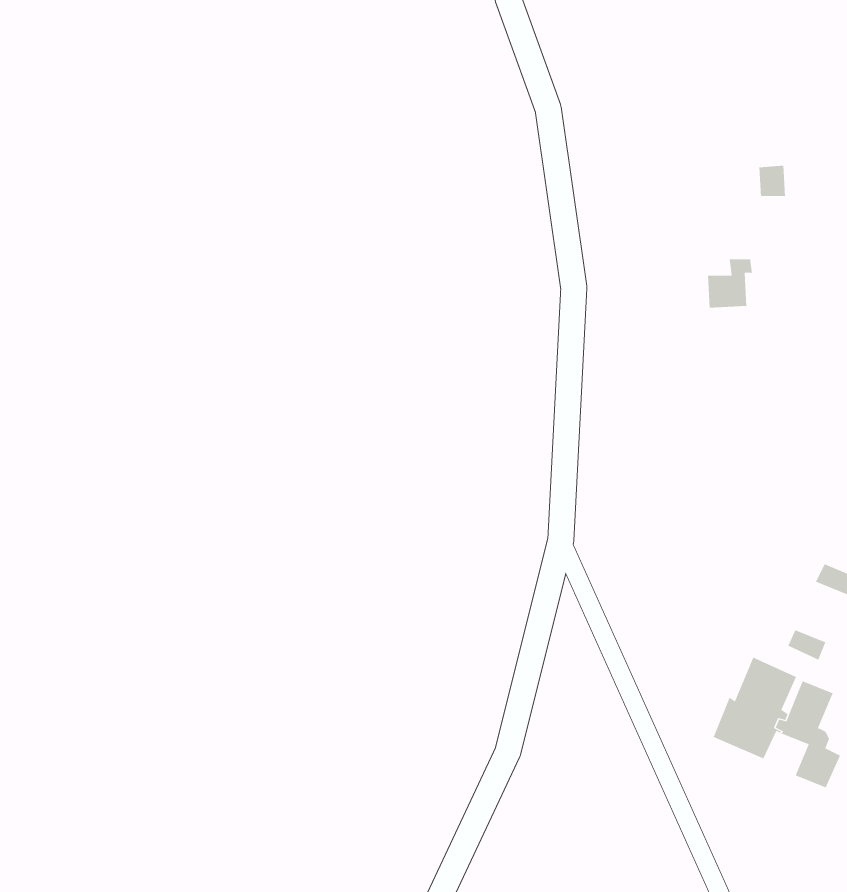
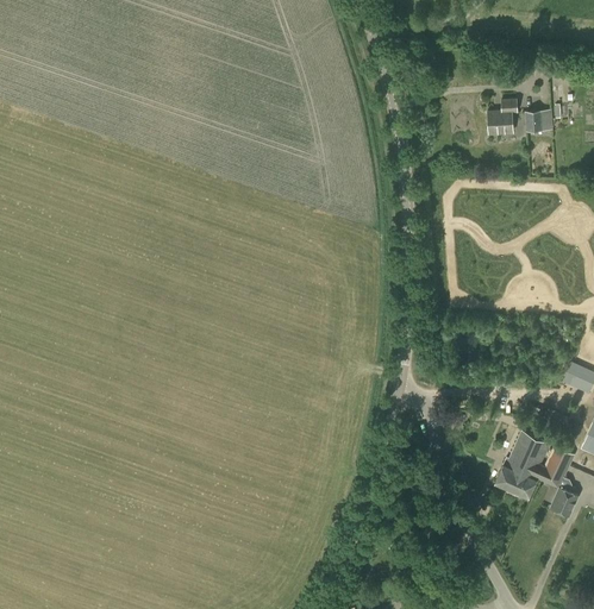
building: [707,259,753,308] -> [487,100,517,132]

